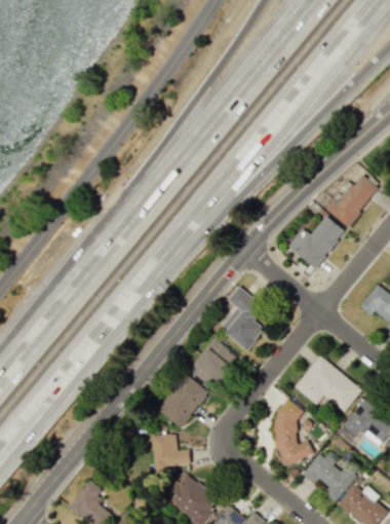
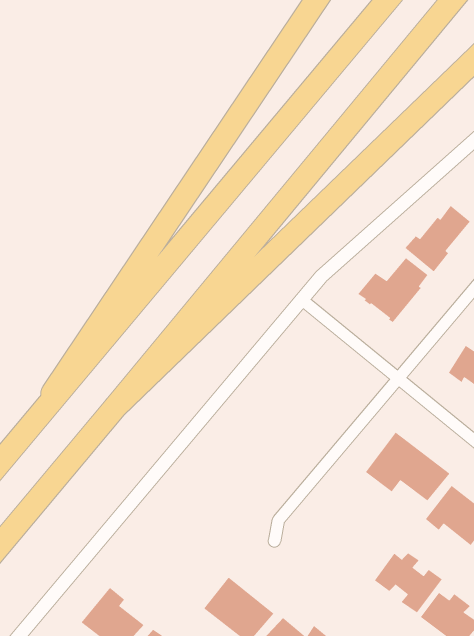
building: [219,287,265,351] -> none
building: [189,339,240,391] -> none
building: [157,375,207,427] -> none
building: [265,401,314,465] -> none
building: [152,435,190,467] -> none

